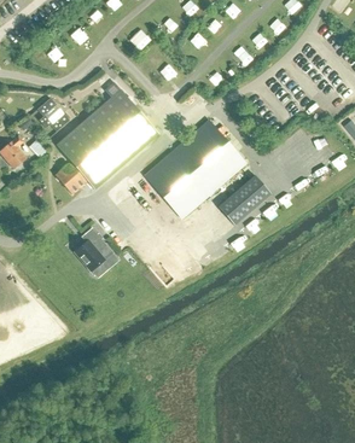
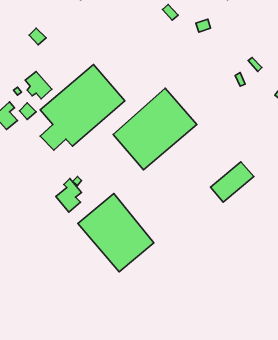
building: [217,175,270,225] -> [210,162,254,202]
building: none -> [78,193,154,272]

